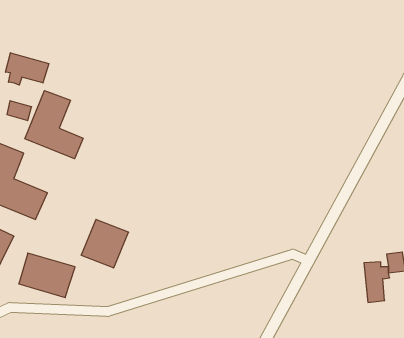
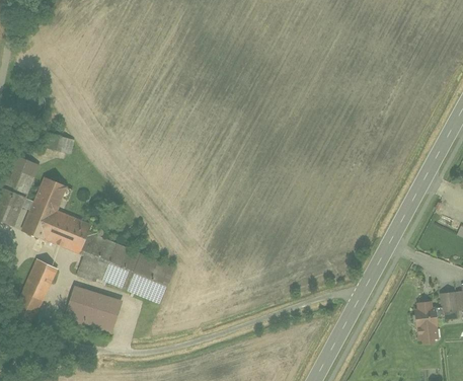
building: [6,53,49,85] -> none
building: [25,91,83,159] -> none
building: none -> [78,233,139,288]

